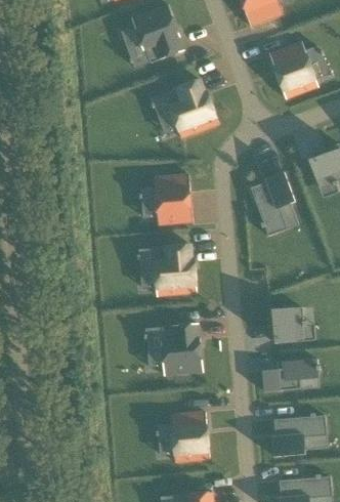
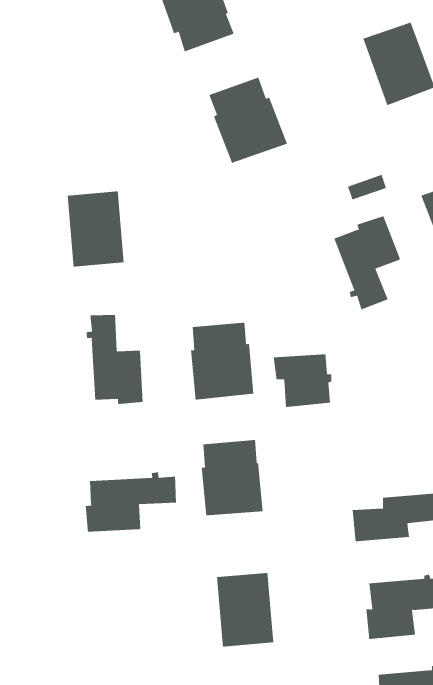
building: [154,173,193,224] -> [67,191,125,267]
building: none -> [86,314,143,405]
building: [266,307,306,343] -> [273,354,332,407]
building: none -> [85,471,176,532]

